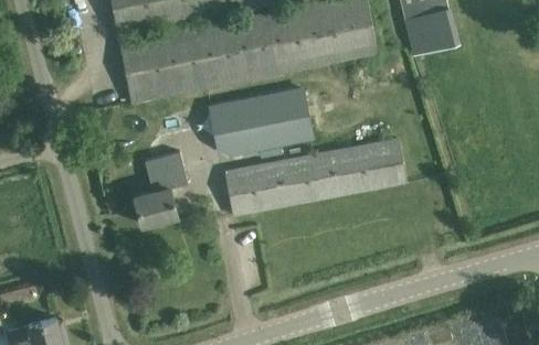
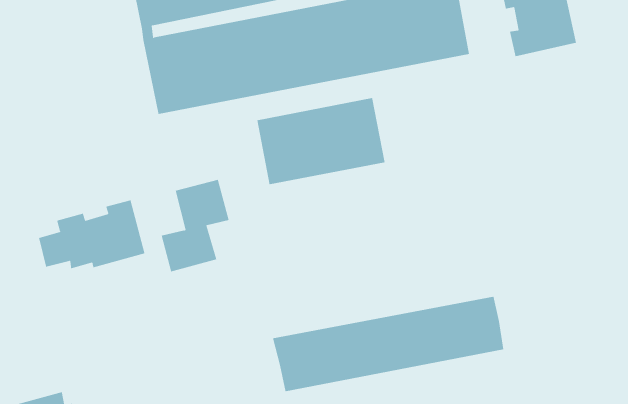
building: [222,139,404,214] -> [272,296,504,392]
building: none -> [39,199,145,269]

